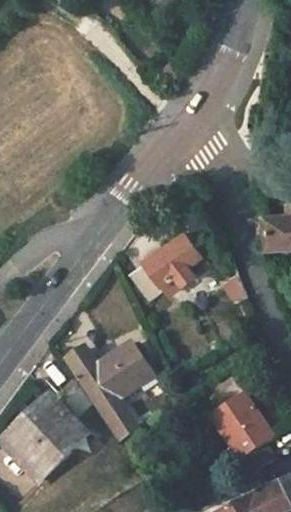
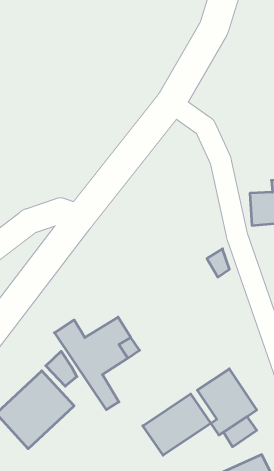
building: [128,234,208,302] -> none
building: none -> [143,394,211,455]

